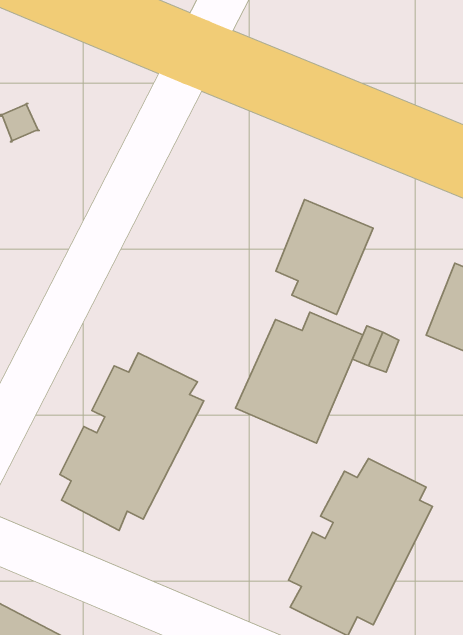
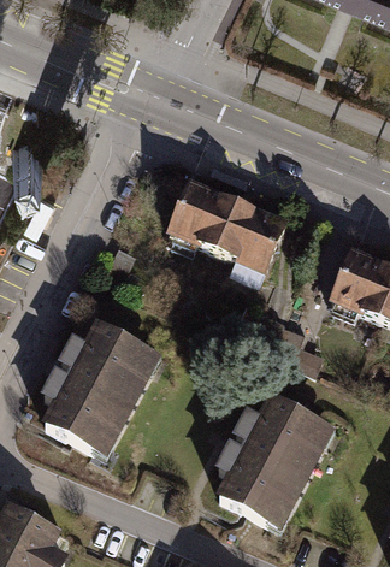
building: none -> [164,182,237,256]
building: [236,312,363,443] -> none

